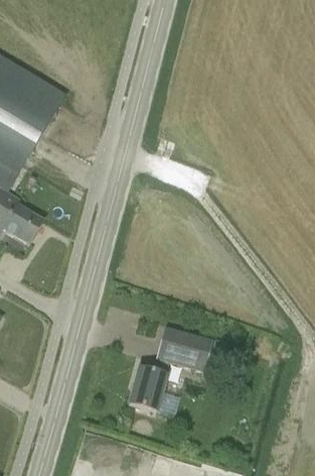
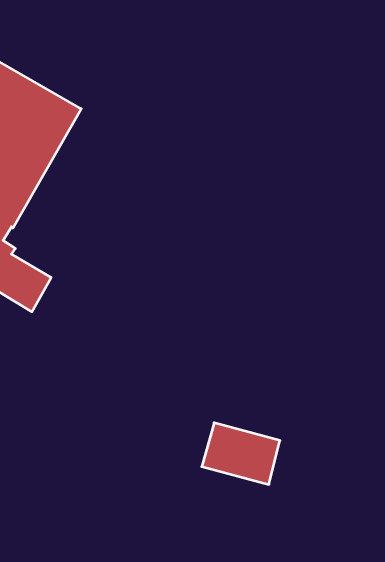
building: [129,367,166,410] -> none

